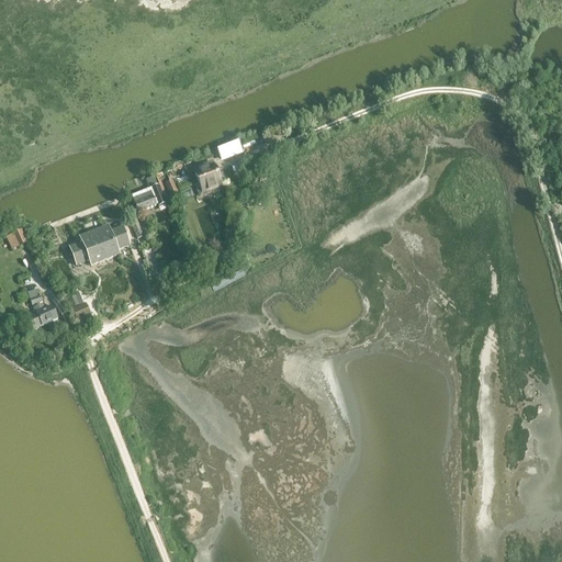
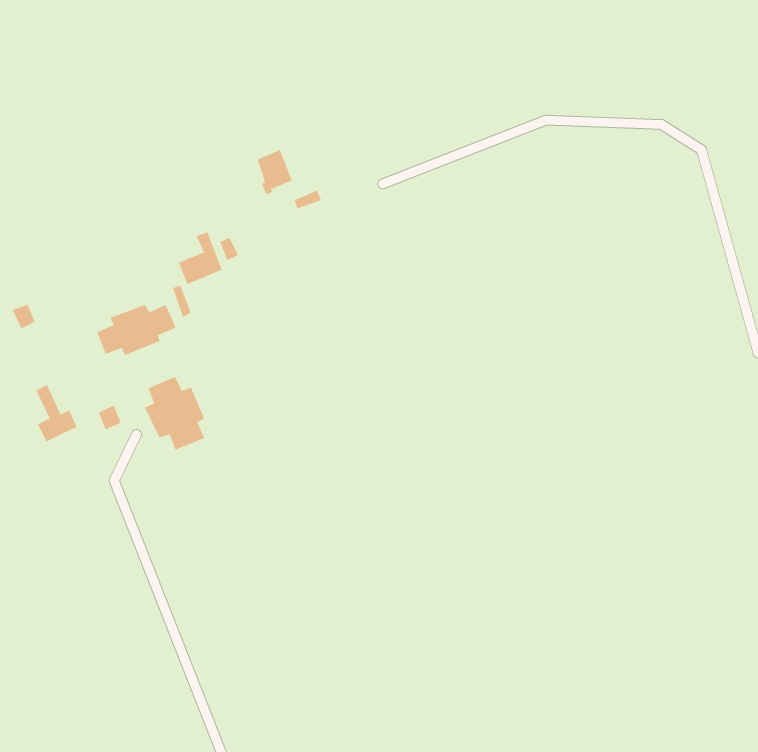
building: [193,157,220,191] -> [257,149,292,195]
building: none -> [144,376,205,451]

